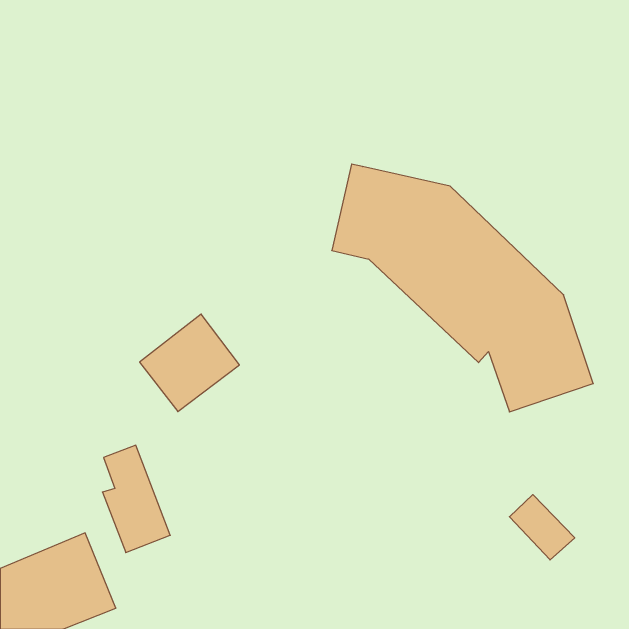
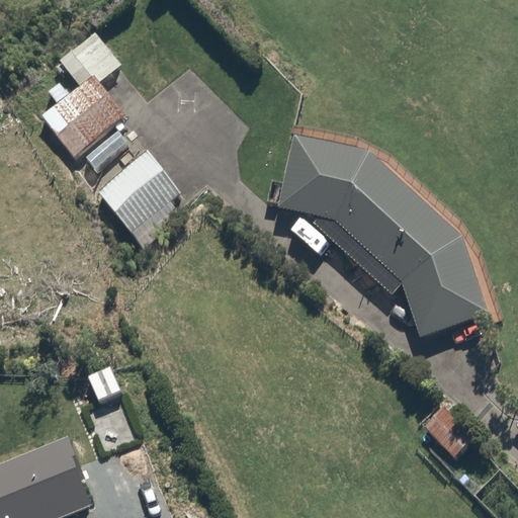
building: none -> [40,28,138,175]
building: [140,314,239,412] -> [99,151,181,231]

